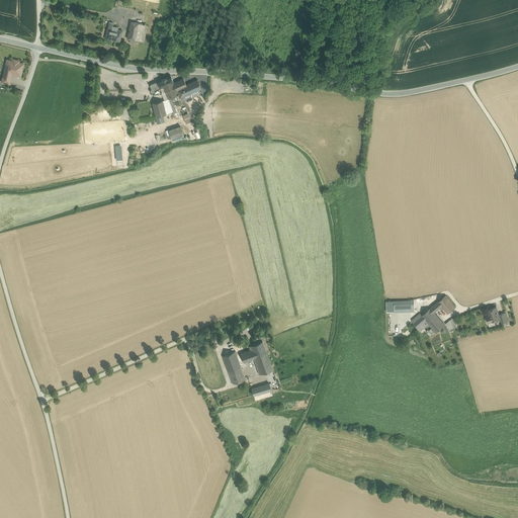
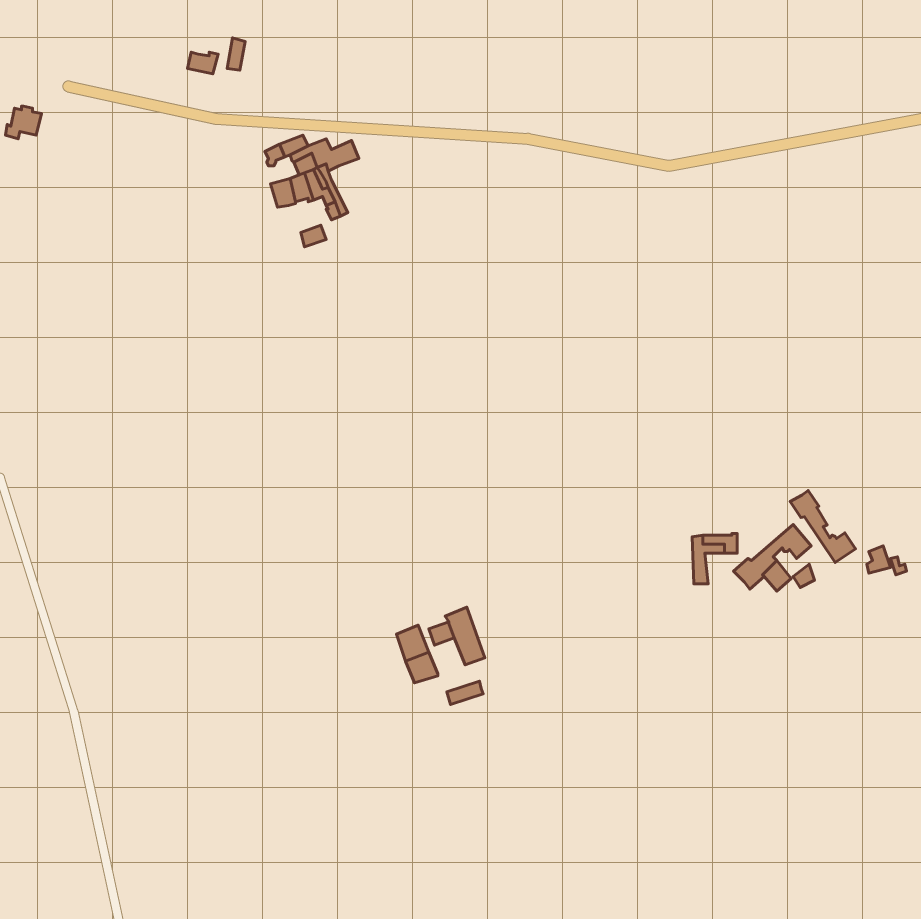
building: none -> [790,490,855,562]

